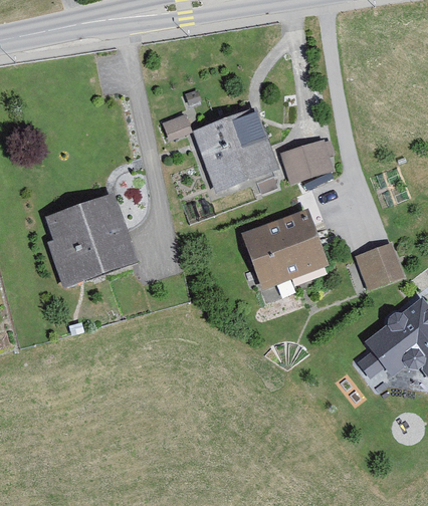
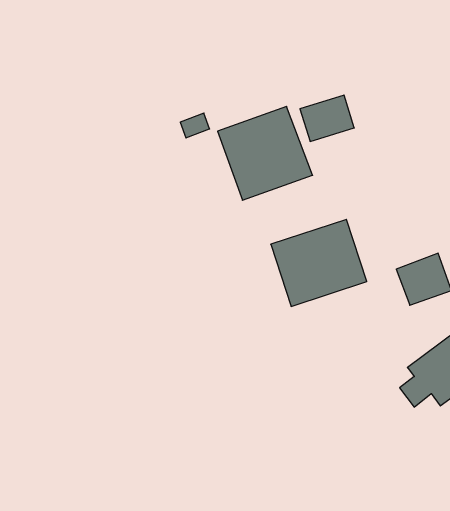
building: [280,140,329,181] -> [300,95,354,141]
building: [45,196,139,288] -> none

